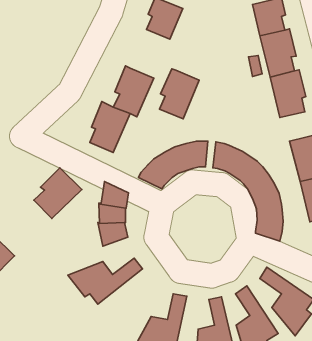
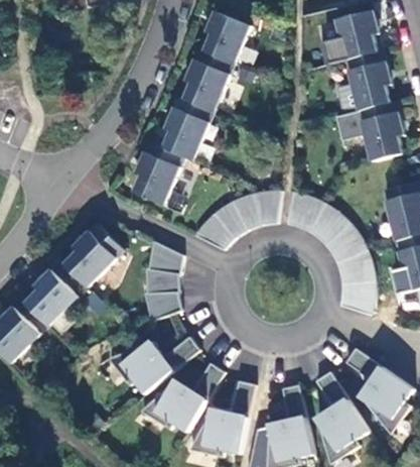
building: [160,69,199,119] -> [184,48,234,111]
building: none -> [26,269,78,325]
building: none -> [140,362,225,432]

